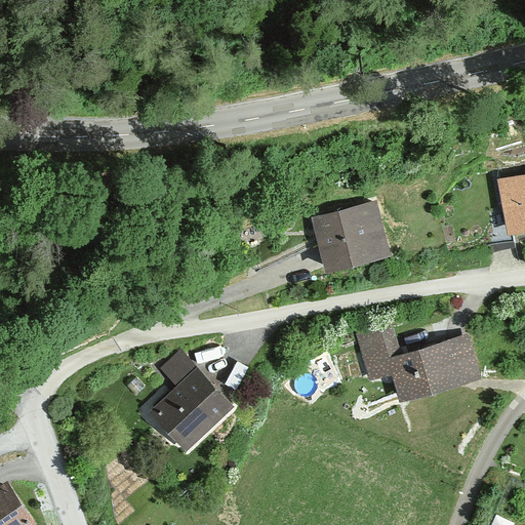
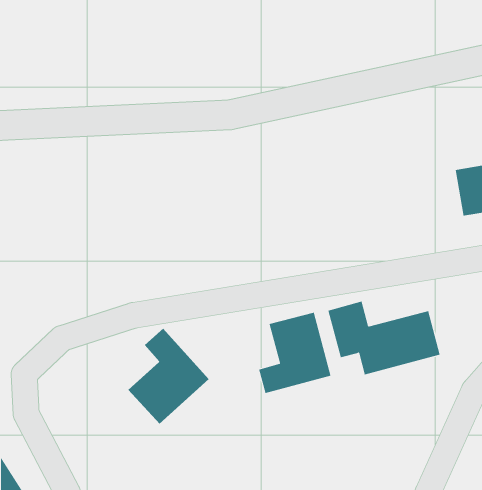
building: [299,202,386,277] -> none
building: none -> [259,312,331,394]

